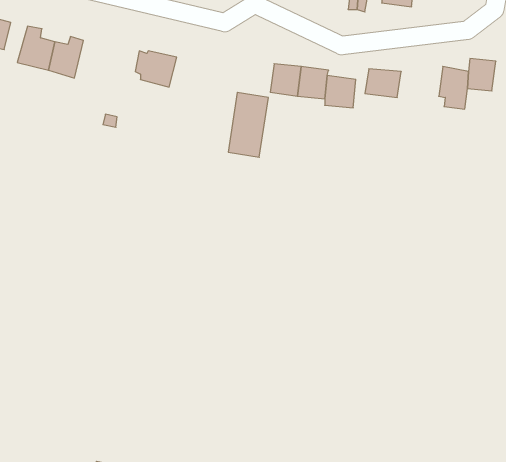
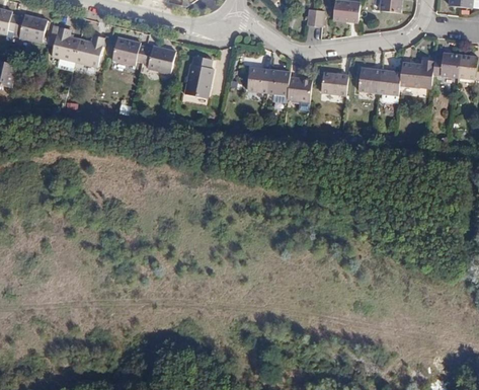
building: none -> [111,45,145,72]
building: none -> [358,63,382,88]
building: [228,92,268,157] -> [181,53,213,103]

